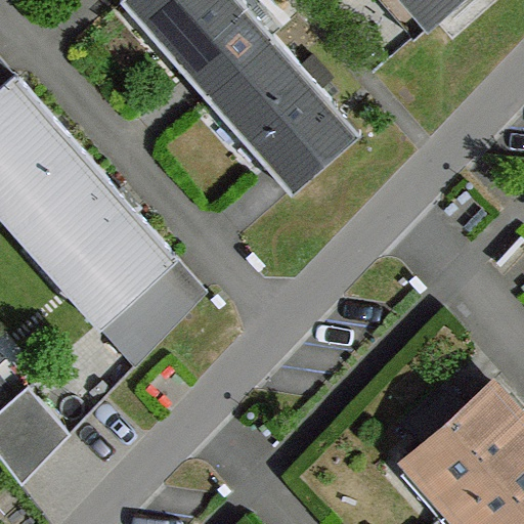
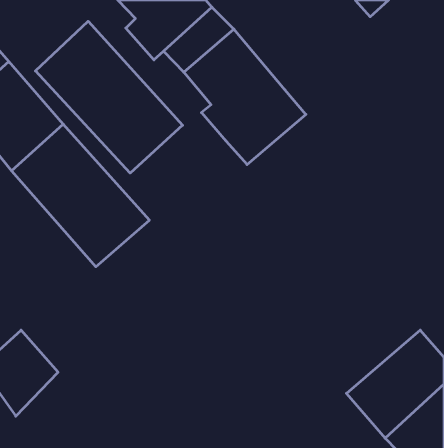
building: none -> [35,21,183,173]
building: [97,258,206,365] -> none

